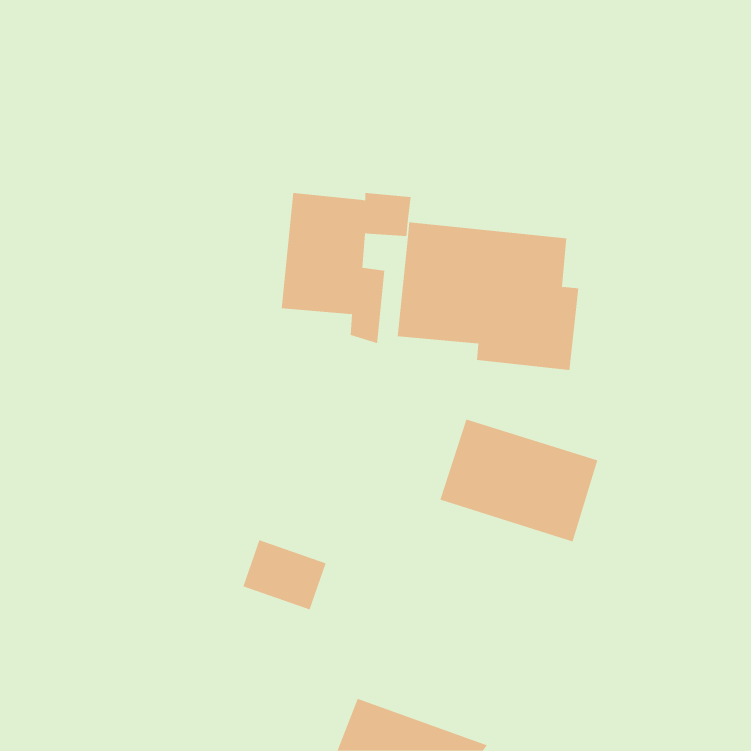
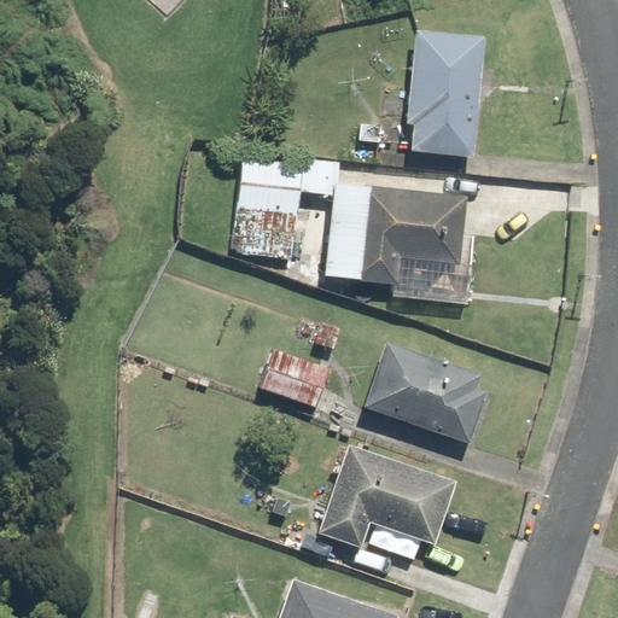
building: none -> [406,28,485,154]
building: none -> [317,442,459,548]
building: [243,540,326,610] -> [260,350,328,408]

